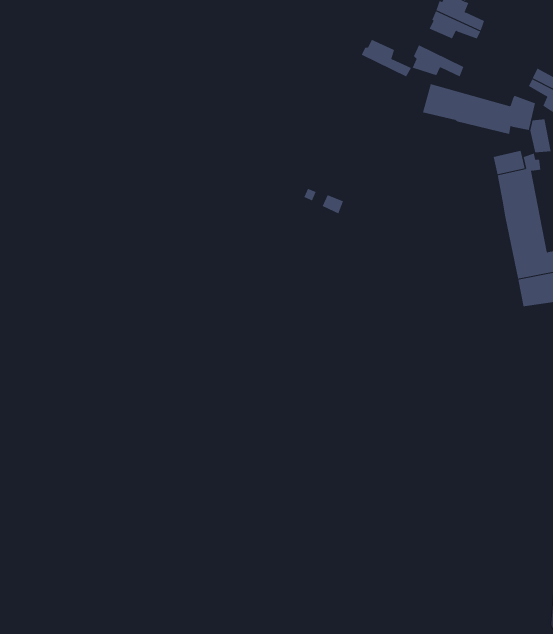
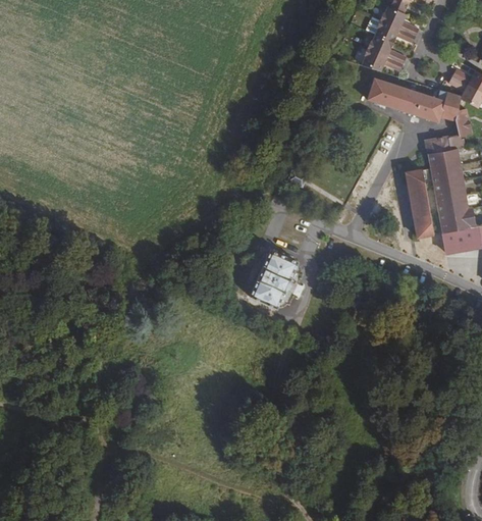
building: [361,39,412,77] -> [365,37,405,66]
building: none -> [407,167,434,232]
building: none -> [252,253,298,309]

